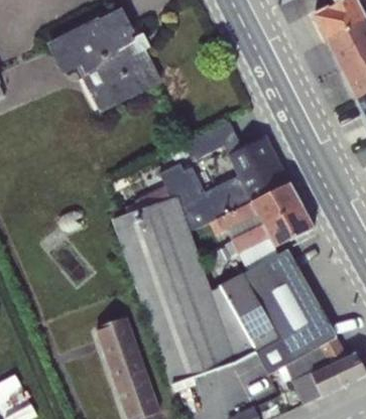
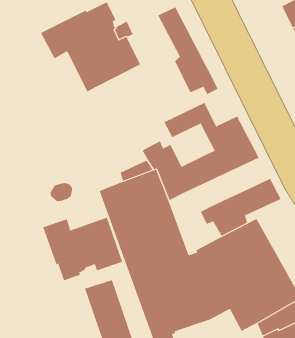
building: none -> [157,7,218,95]
building: [208,181,301,237] -> none
building: none -> [43,217,123,281]

